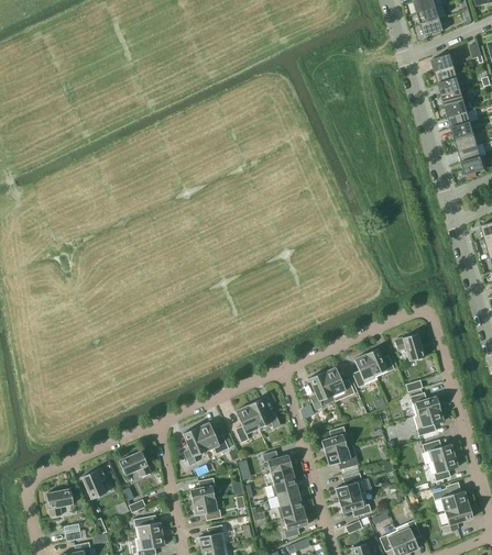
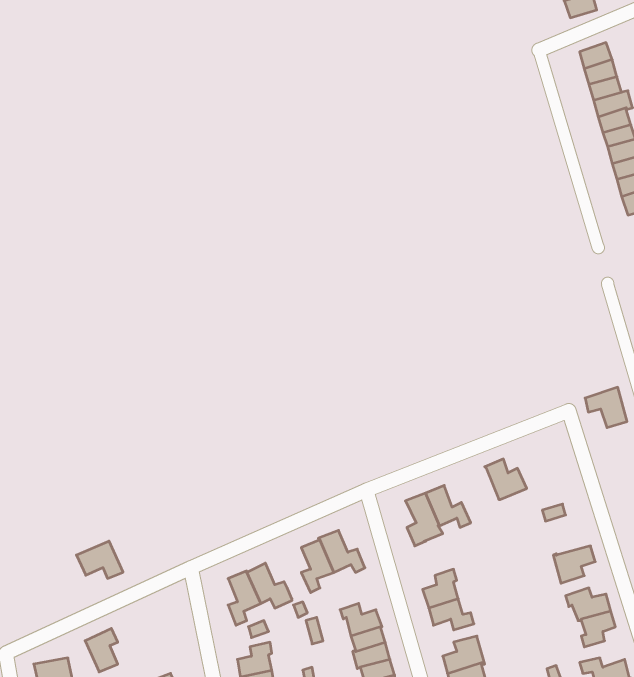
building: [394,332,424,360] -> [585,387,627,428]
building: [352,354,376,386] -> none
building: [409,391,439,415] -> none
building: [118,449,151,476] -> [76,541,123,578]

